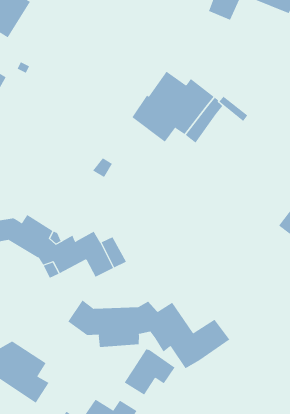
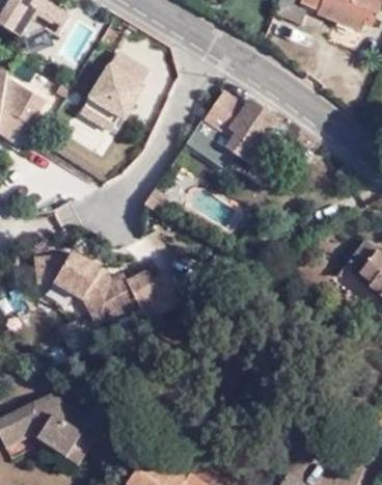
building: none -> [73,60,140,154]
building: [68,299,230,369] -> none
building: [124,348,175,395] -> none

